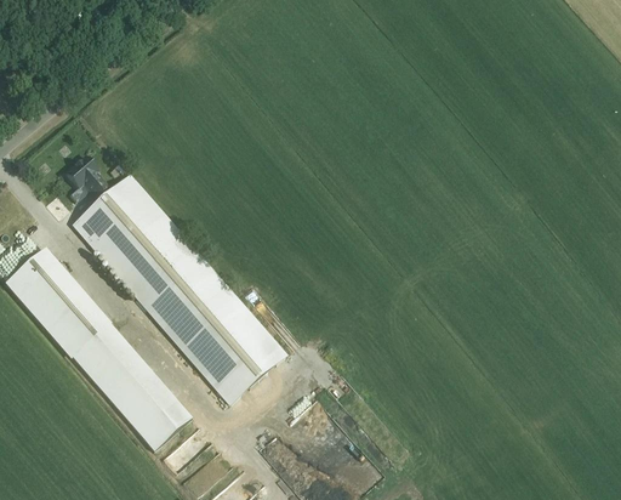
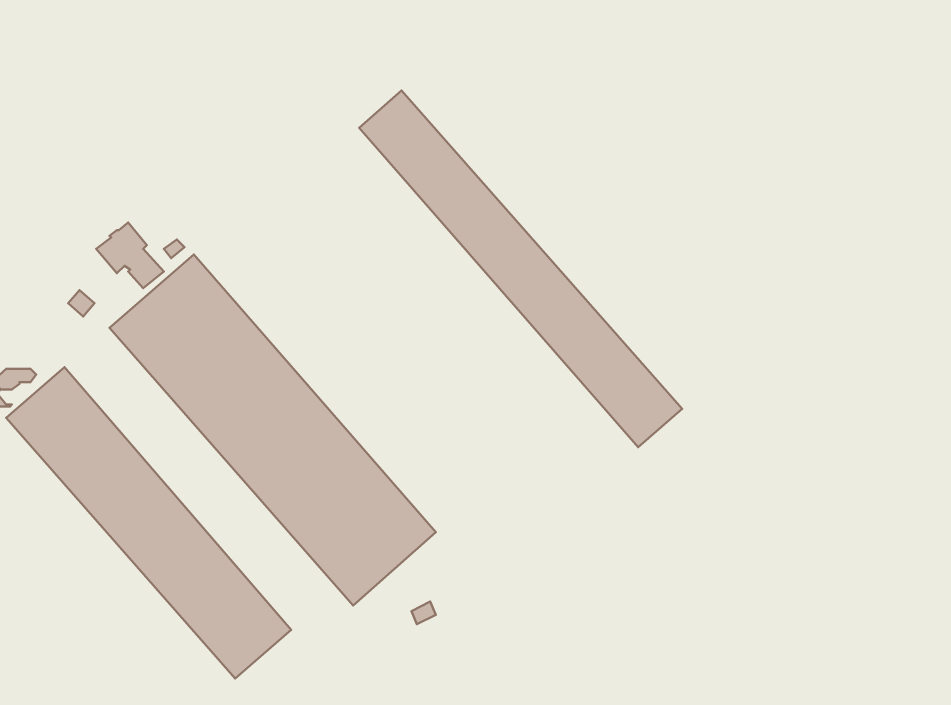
building: none -> [359,90,682,447]

